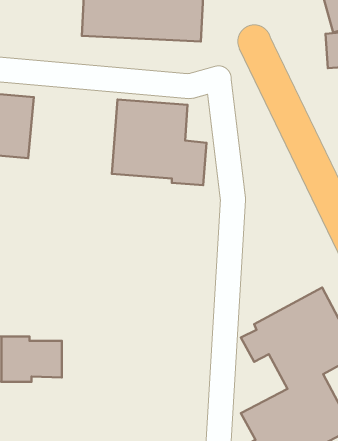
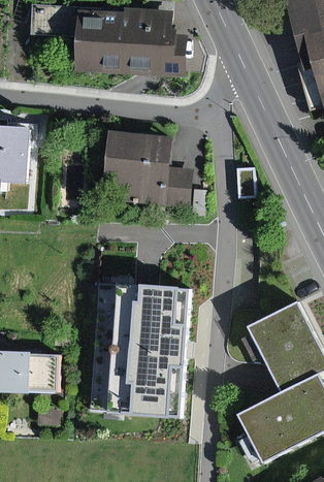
building: none -> [96,288,176,420]

